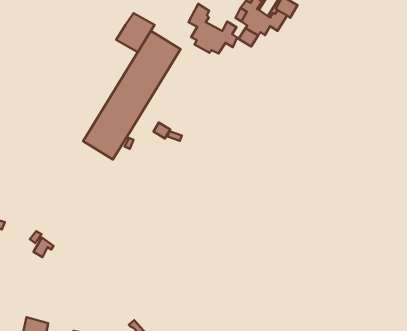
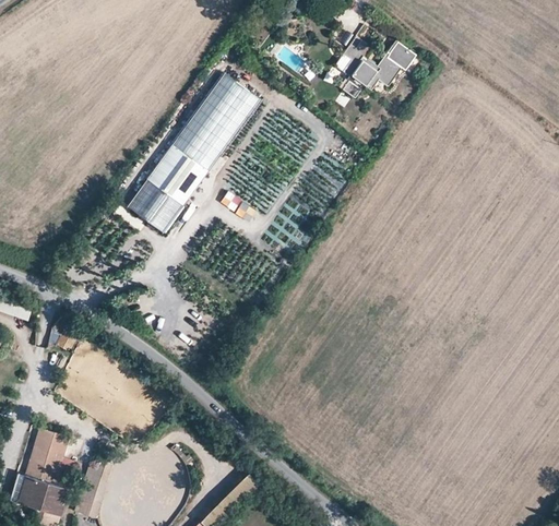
building: [188,4,237,53] -> none
building: [116,13,155,52] -> none

